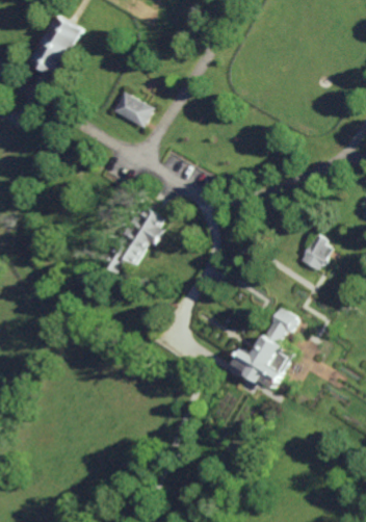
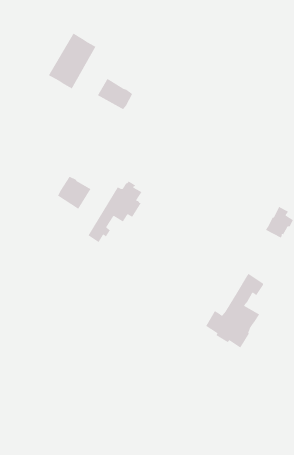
building: [29,12,83,76] -> [48,33,97,90]
building: none -> [57,176,91,210]

